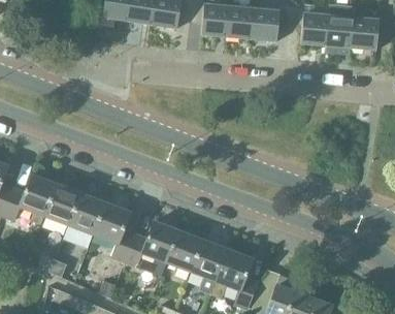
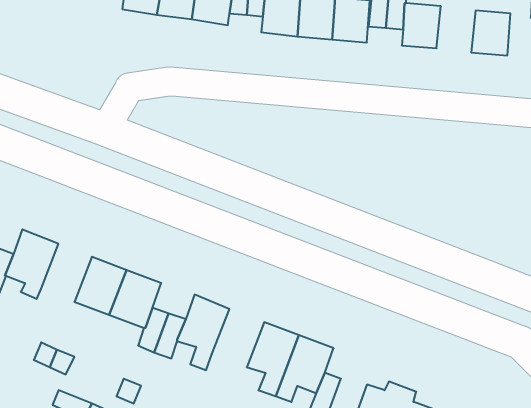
building: [326,14,354,48] -> none
building: [44,184,80,225] -> none
building: [166,230,203,272] -> none

